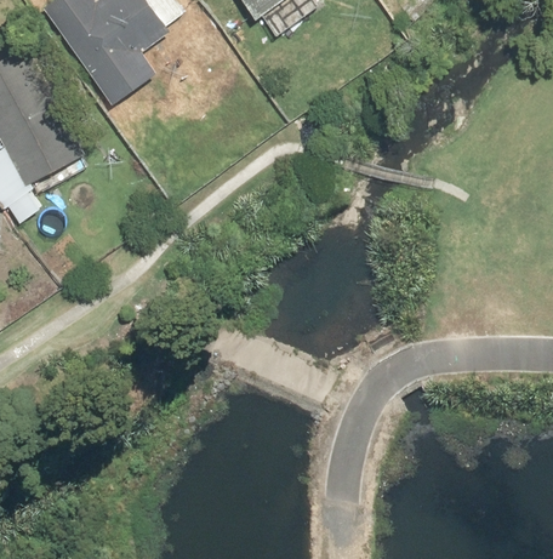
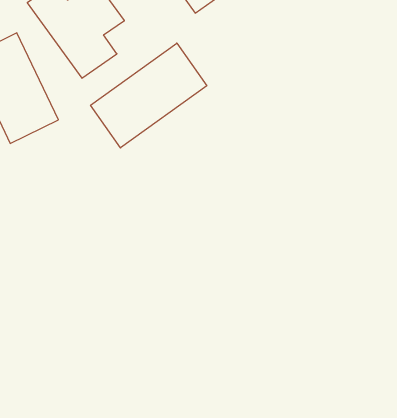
building: none -> [91,43,207,148]

